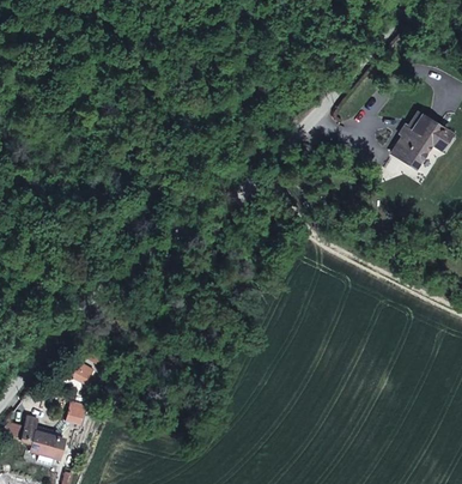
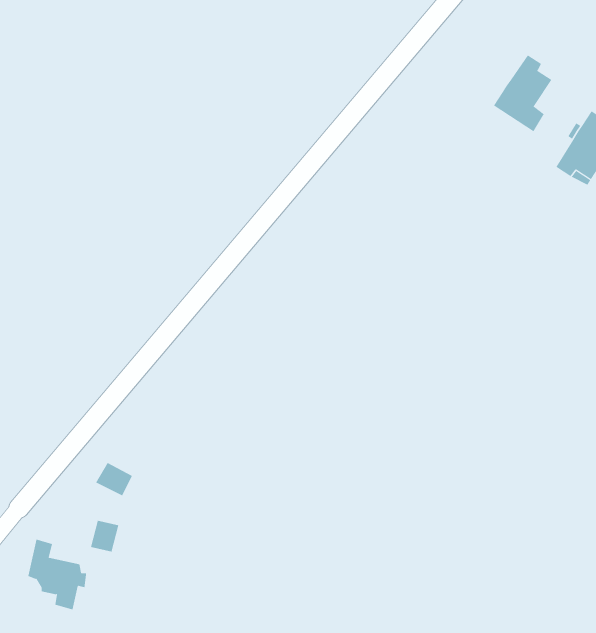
building: none -> [493,54,552,132]

